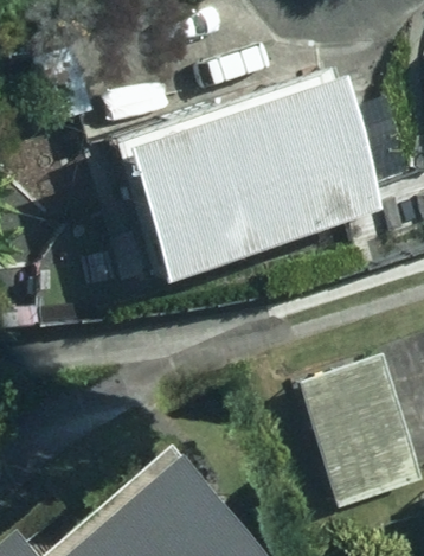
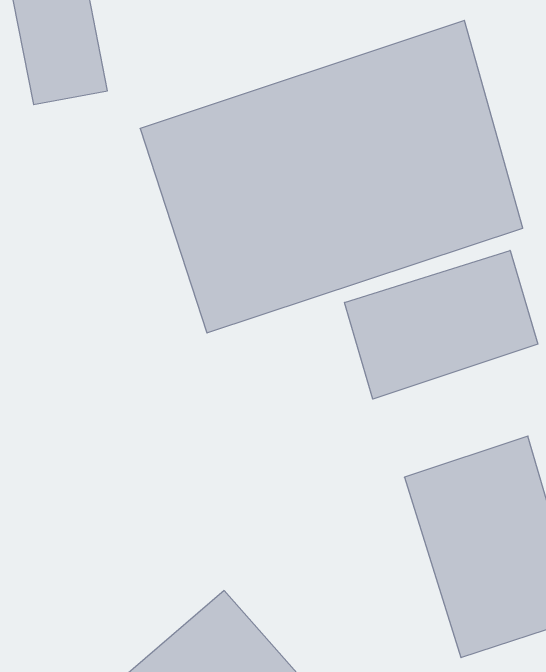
building: none -> [345,250,538,399]

